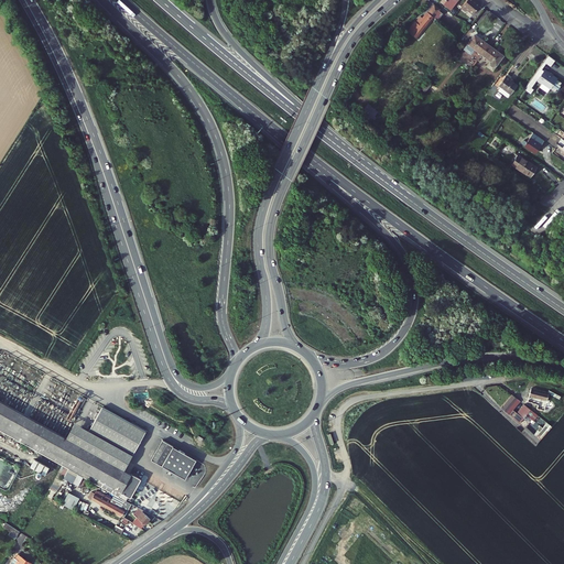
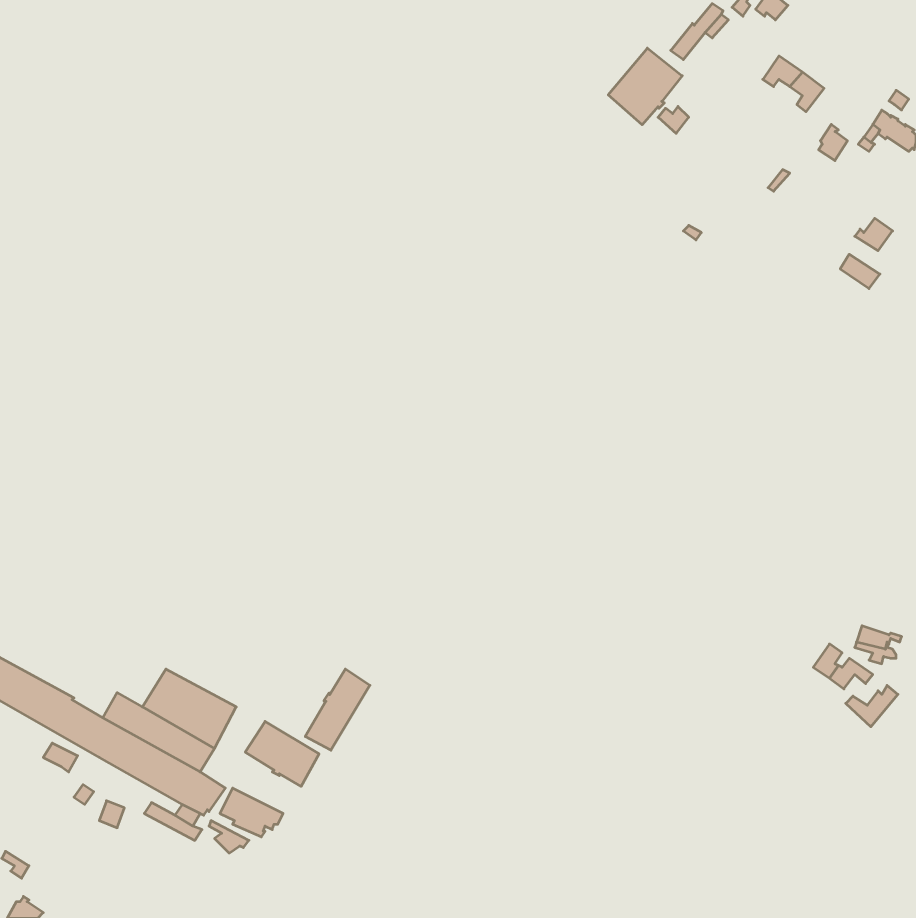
building: none -> [608,48,682,125]
building: none -> [305,669,370,750]

